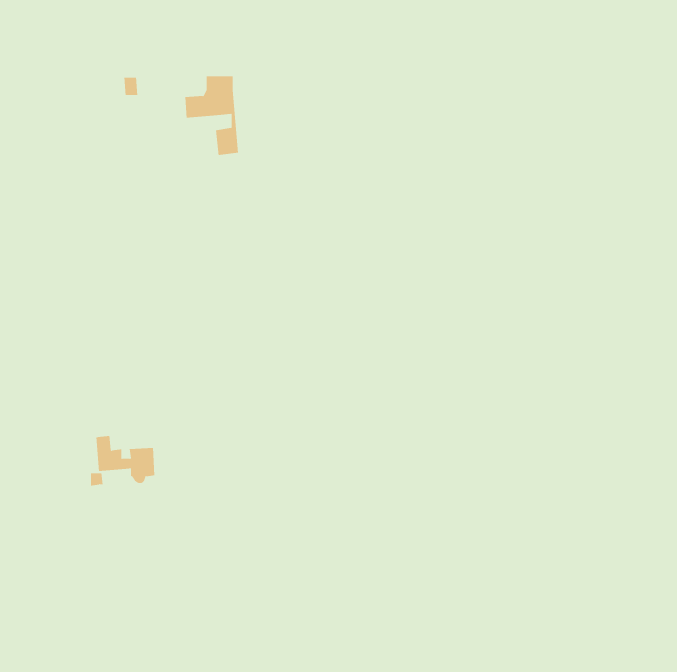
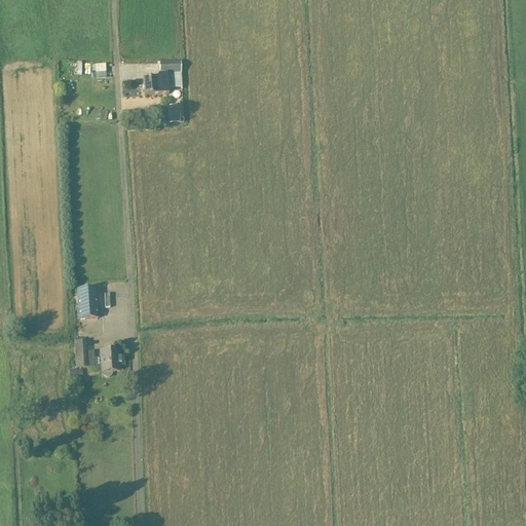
building: none -> [79,286,99,315]

